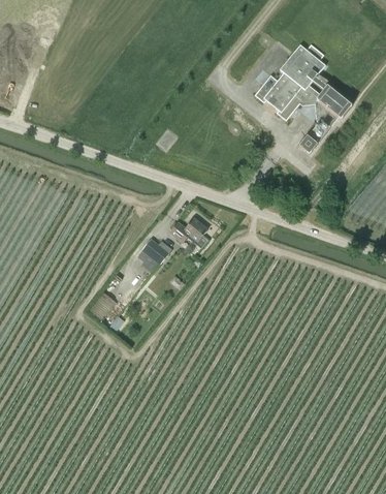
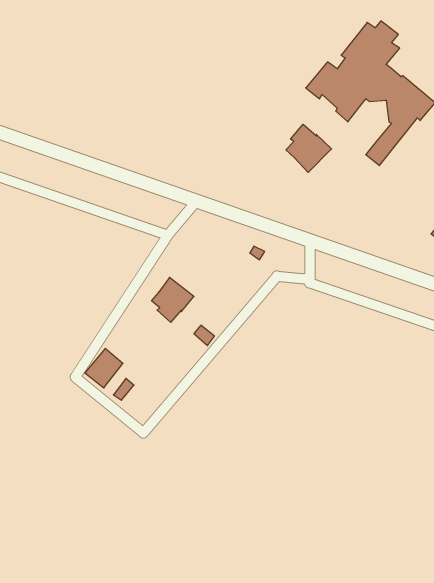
building: none -> [286,124,332,172]
building: [170,217,207,241] -> none

